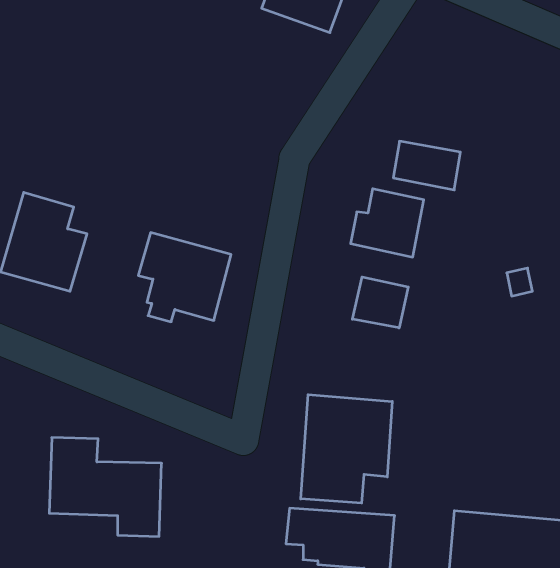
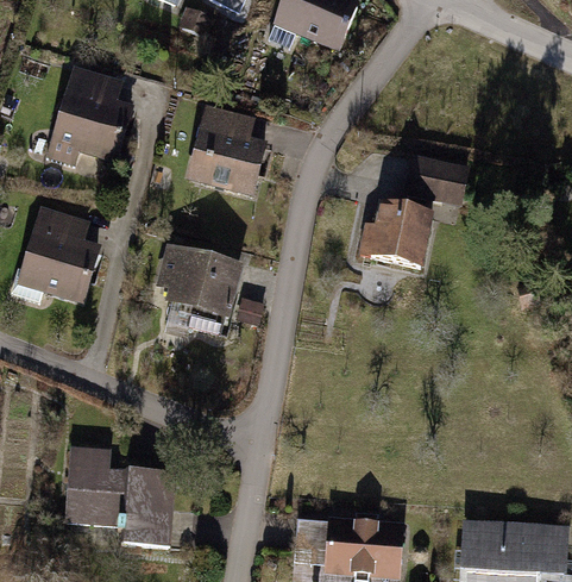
building: none -> [44,62,133,168]
building: none -> [187,102,271,196]
building: [352,277,408,328] -> none
building: [301,395,392,503] -> none

